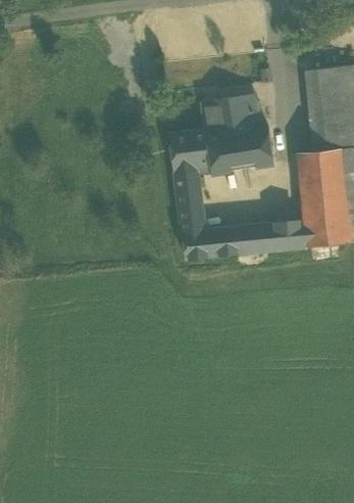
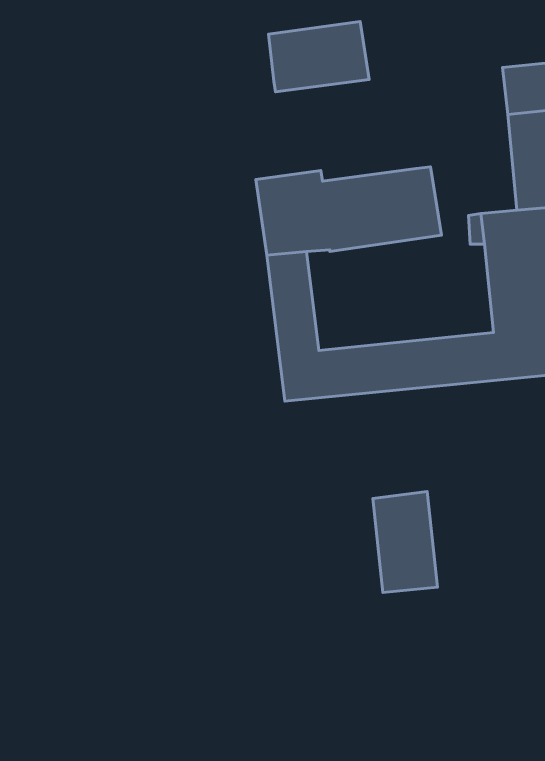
building: [202,94,259,134] -> [268,22,369,92]
building: none -> [373,491,438,592]

